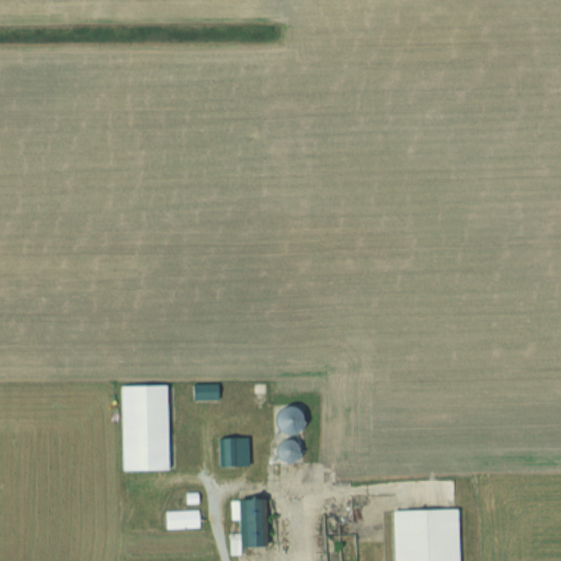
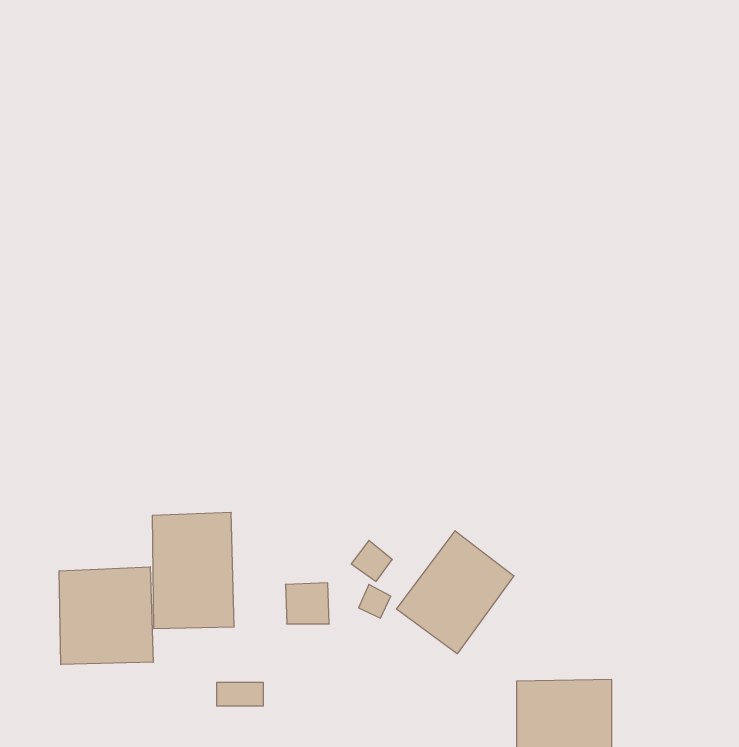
building: none -> [397,531,514,654]
building: none -> [59,567,153,665]
building: [239,500,264,548] -> none

